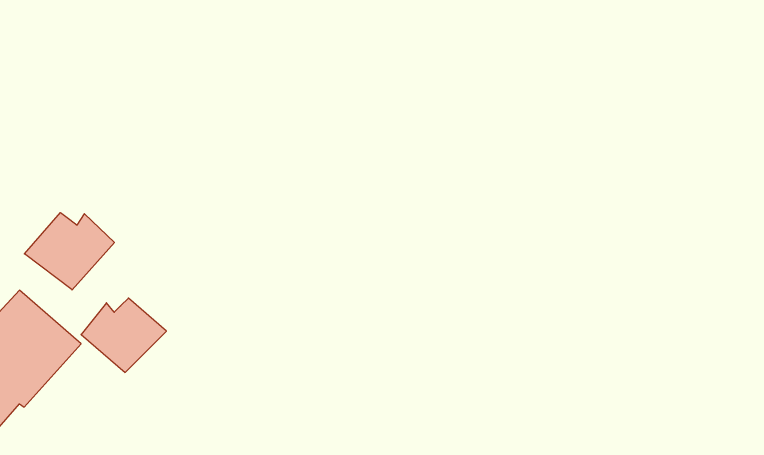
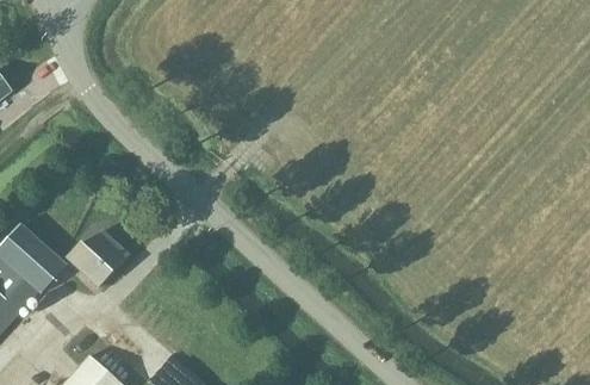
building: [24,213,114,290] -> none

